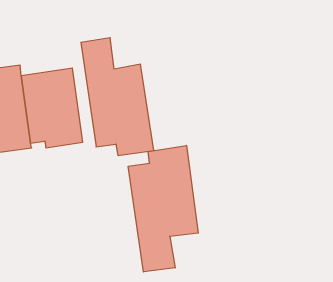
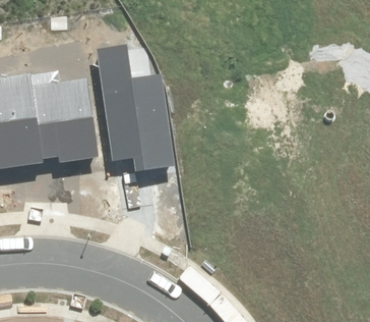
building: [128,145,198,272] -> none

